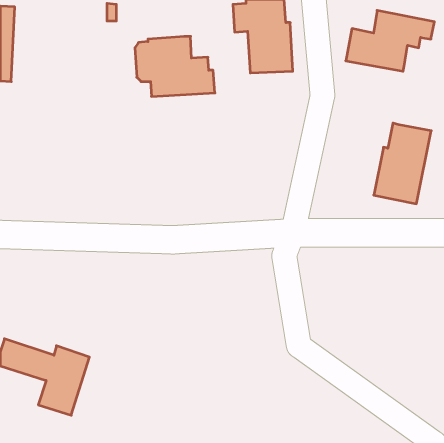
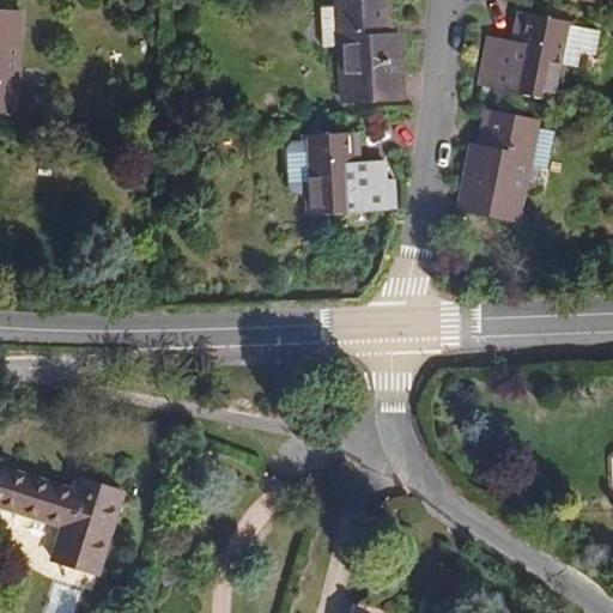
building: [135,36,215,96] -> [286,131,396,213]
building: [374,123,431,204] -> [459,109,538,220]

